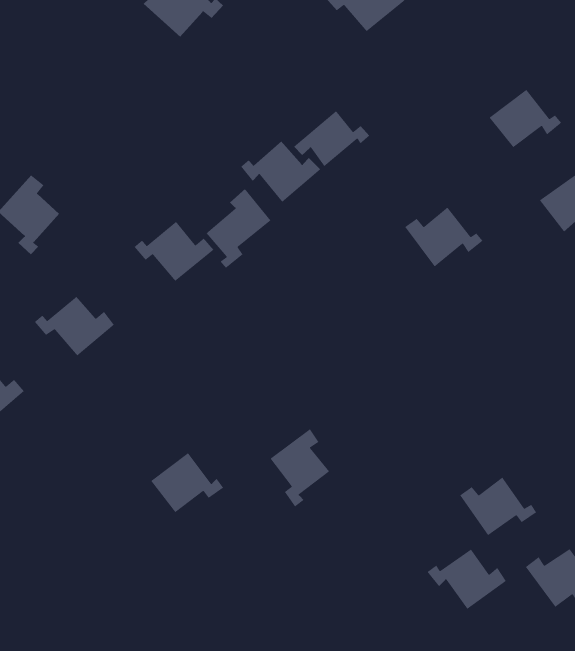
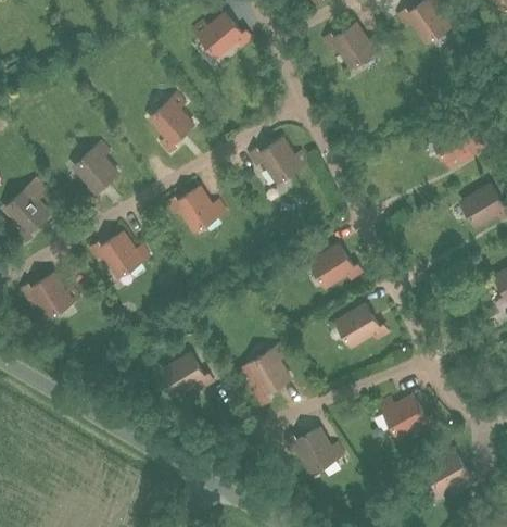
building: none -> [149,95,193,152]
building: [293,110,370,167] -> none
building: [205,188,271,269] -> none
building: [404,207,483,267] -> [306,244,362,287]
building: none -> [335,304,388,346]
building: [427,548,507,610] -> [286,428,342,472]

